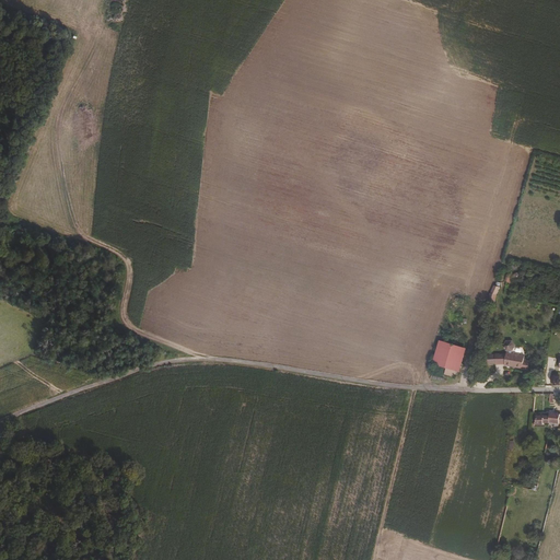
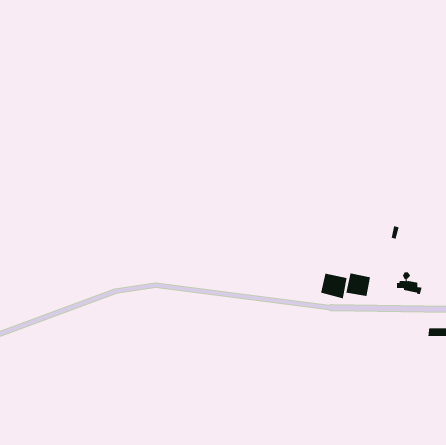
building: none -> [321,273,347,299]

